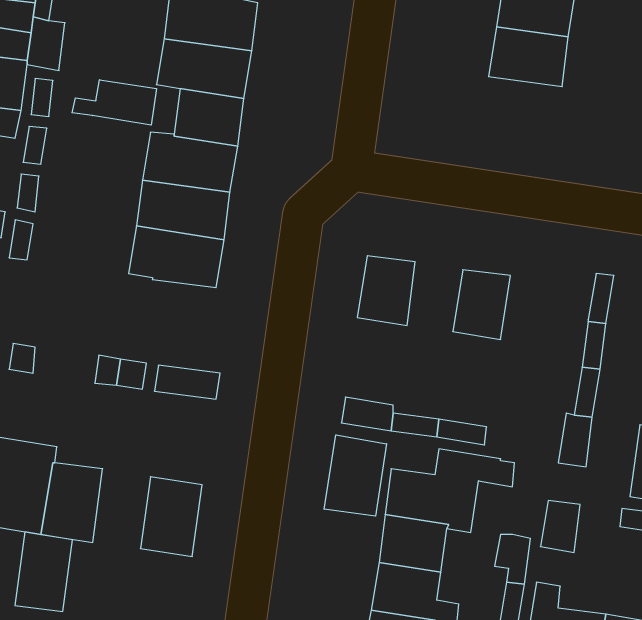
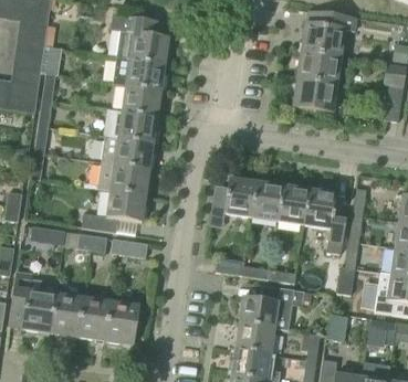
building: none -> [293,78,337,112]
building: [72,80,157,125] -> none
building: none -> [251,181,282,220]
building: none -> [303,189,345,254]
building: none -> [81,191,145,232]
building: [324,435,387,516] -> none
building: [15,532,73,611] -> [76,296,108,340]

